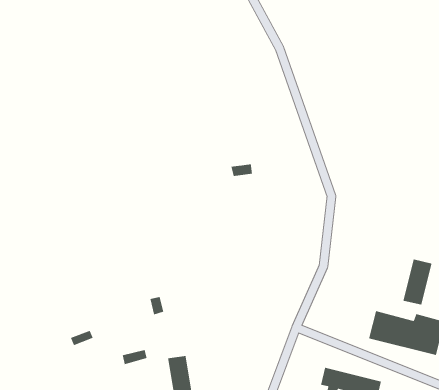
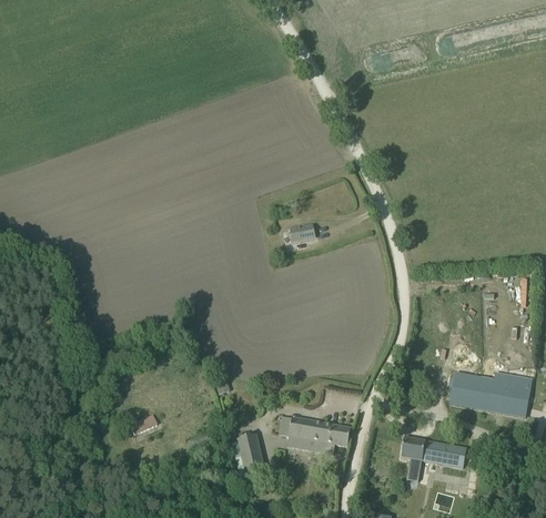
building: [402,259,432,306] -> none
building: none -> [279,415,351,450]

